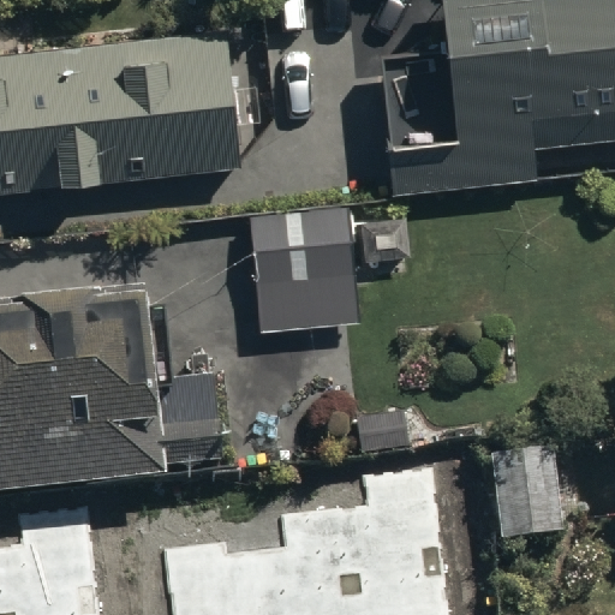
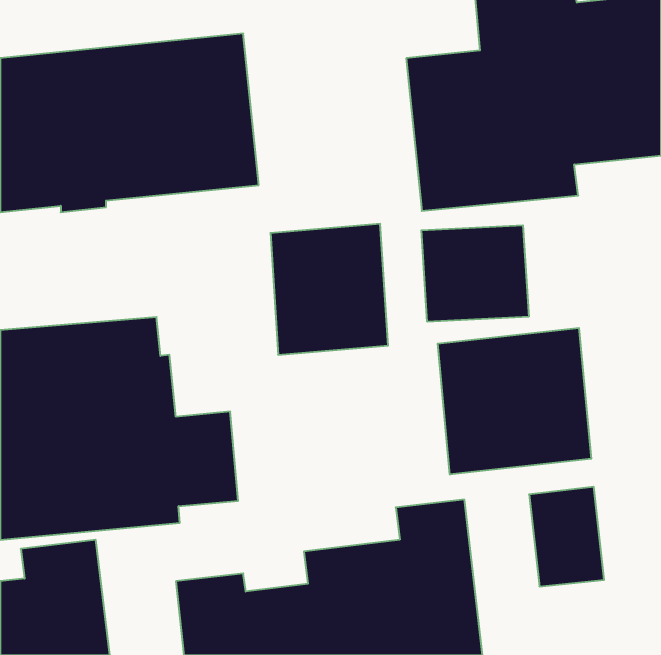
building: none -> [421,225,529,322]
building: none -> [438,328,591,475]

